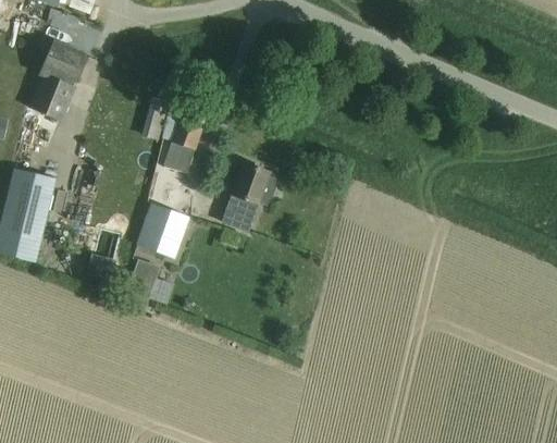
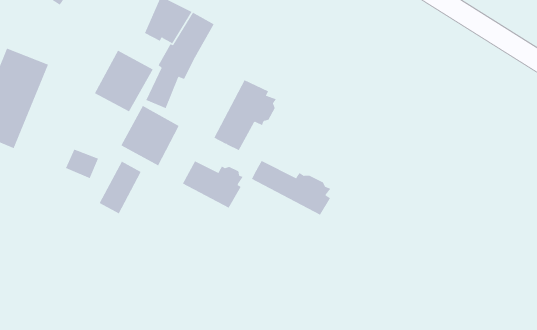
building: none -> [94,50,153,112]
building: none -> [251,160,331,215]
building: none -> [182,161,243,208]

